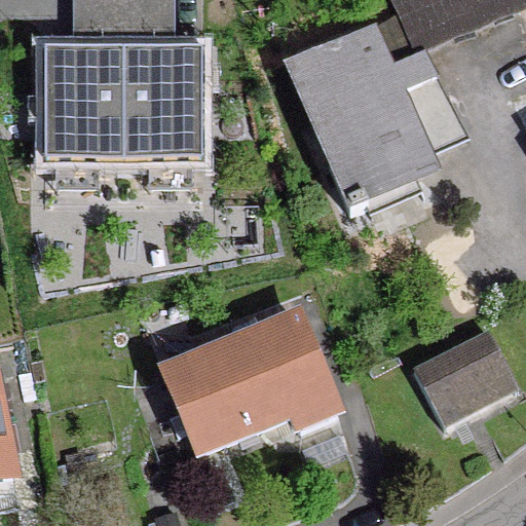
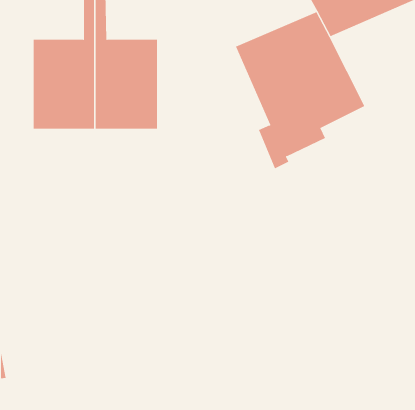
building: [165,320,333,449] -> none
building: [412,330,514,419] -> none

